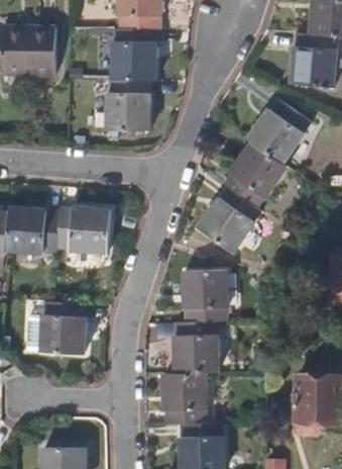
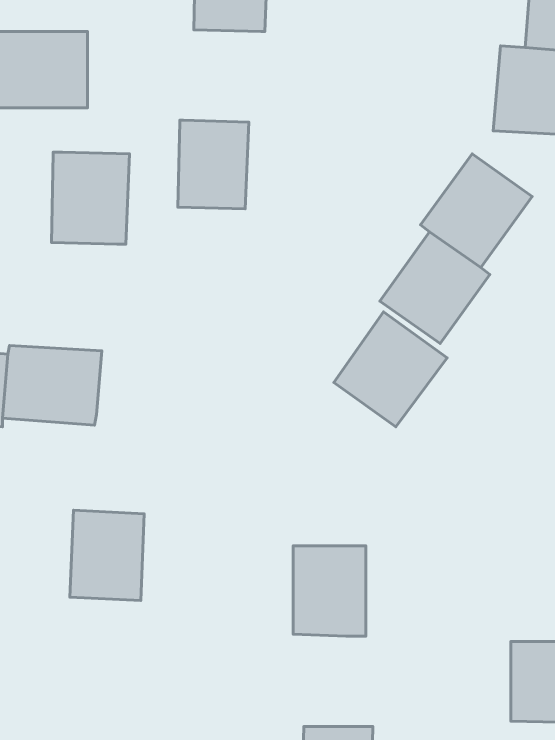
building: [112,27,156,80] -> [52,152,129,244]
building: [63,204,115,250] -> none
building: [184,271,226,321] -> none
building: [165,372,205,425] -> none

